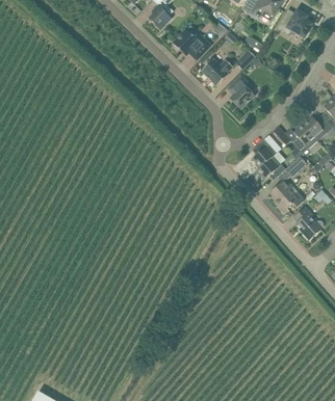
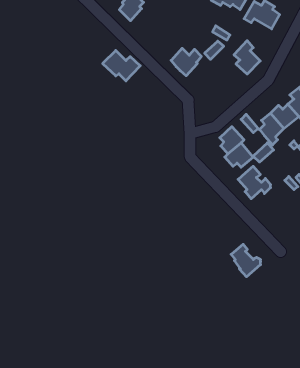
building: [173,28,211,59] -> [103,50,140,81]
building: [228,74,255,108] -> [234,41,260,74]
building: [293,206,324,239] -> [231,244,261,277]

